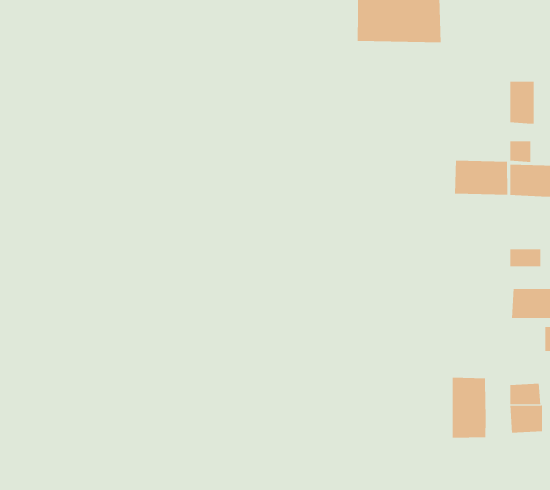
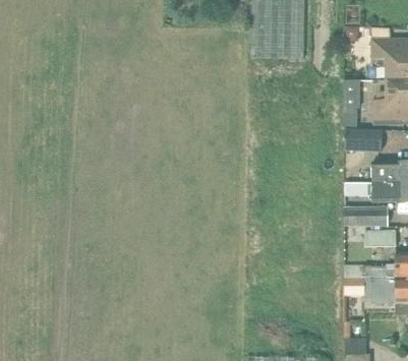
building: [455,160,508,196] -> none
building: [452,377,486,439] -> none

